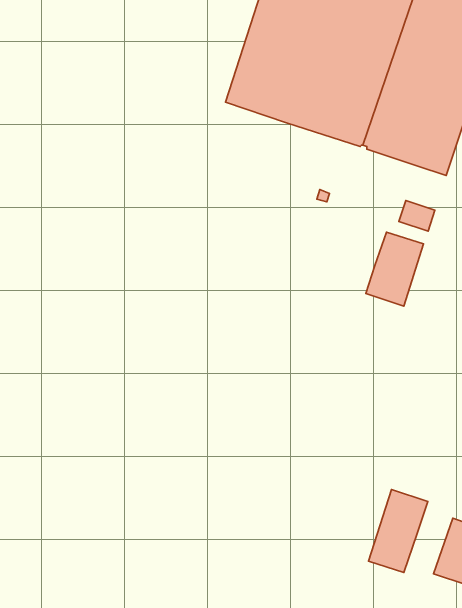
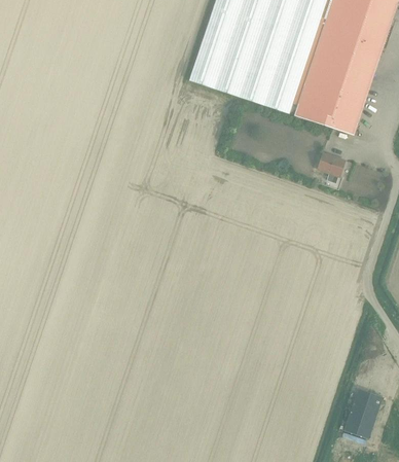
building: [366,232,423,306] -> none
building: [369,489,428,572] -> none

